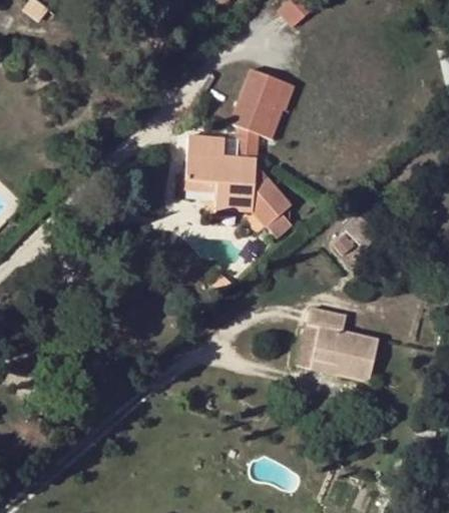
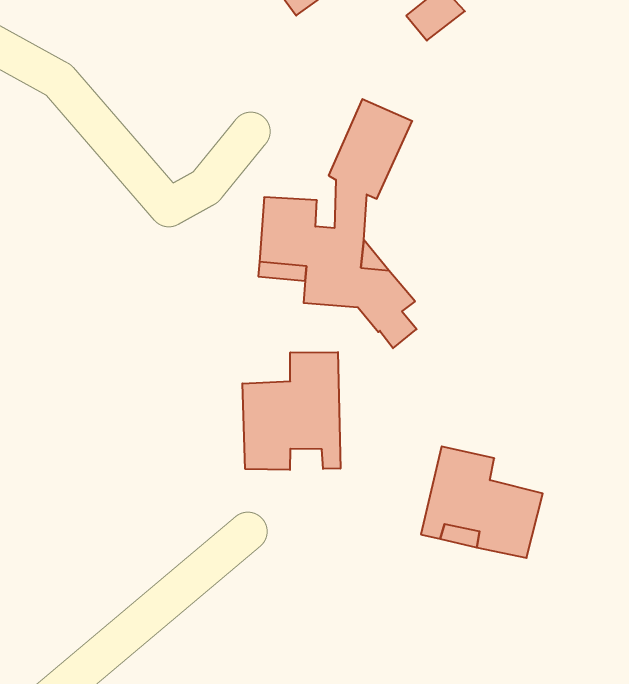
building: none -> [242,352,340,470]

